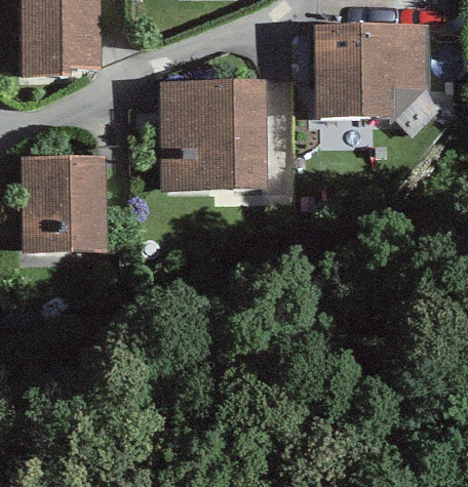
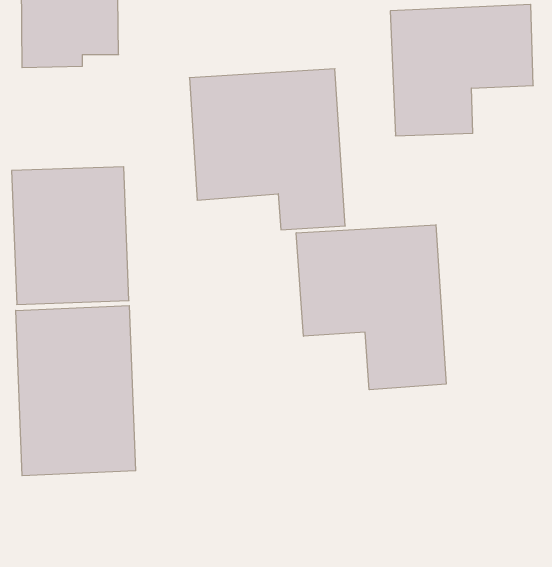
building: none -> [296,225,446,390]
building: none -> [16,306,136,476]

